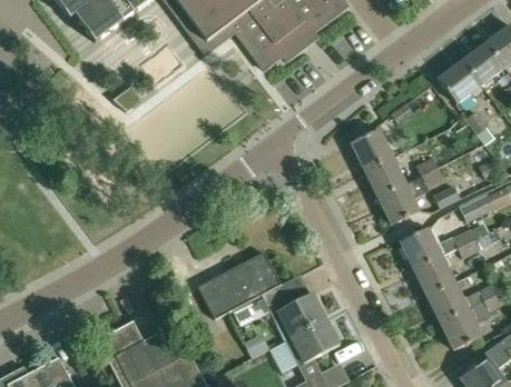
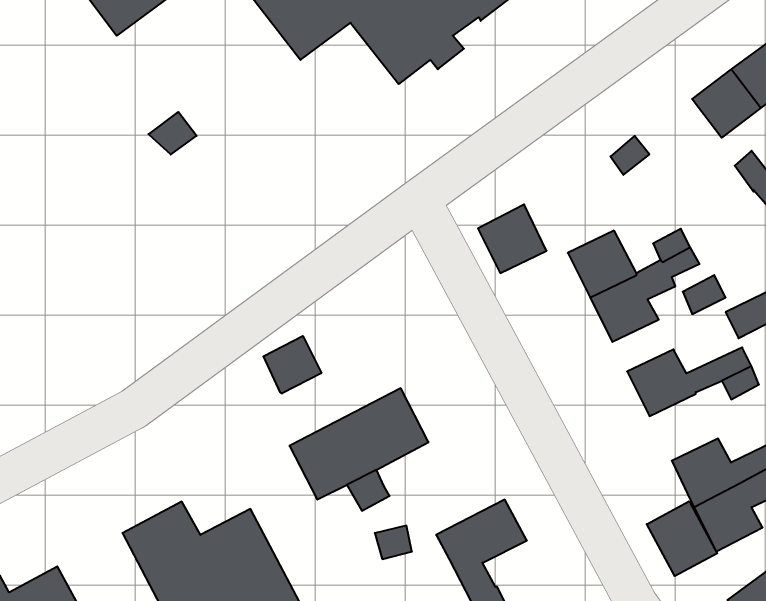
building: [351,129,392,170] -> [478,204,547,273]
building: none -> [263,336,321,394]
building: [413,255,454,295] -> none
building: [262,284,326,339] -> none
building: none -> [647,501,717,576]

